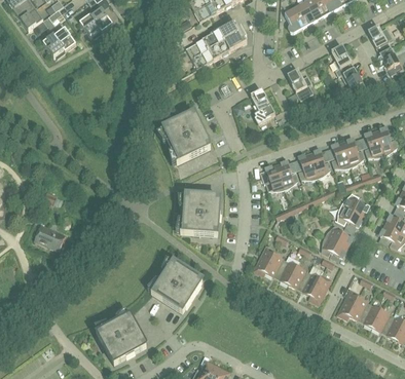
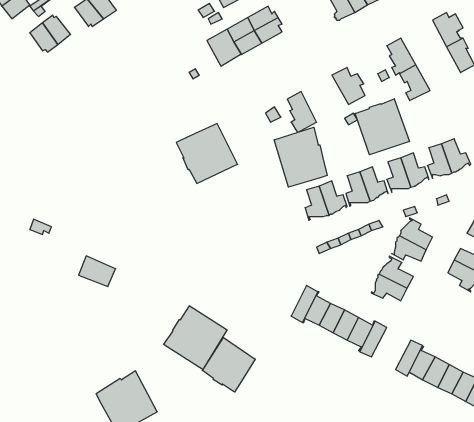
building: none -> [355,99,409,155]
building: none -> [274,127,327,187]
building: [181,195,220,235] -> none
building: [35,224,65,249] -> [79,256,116,287]
building: none -> [202,338,255,392]

